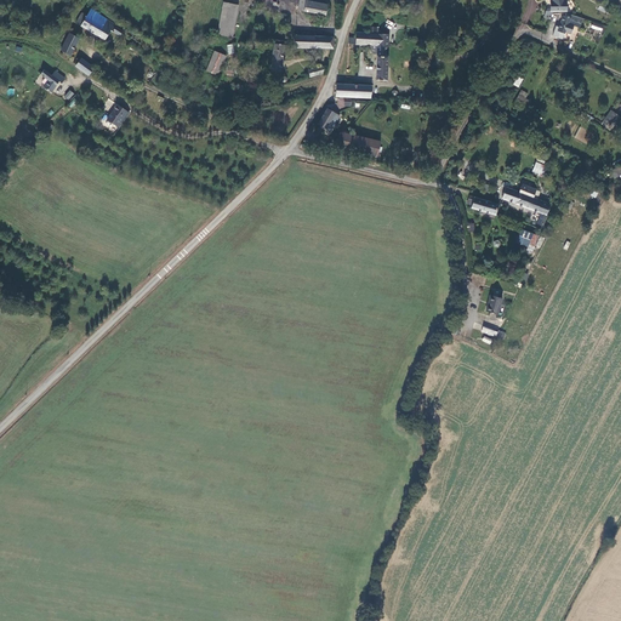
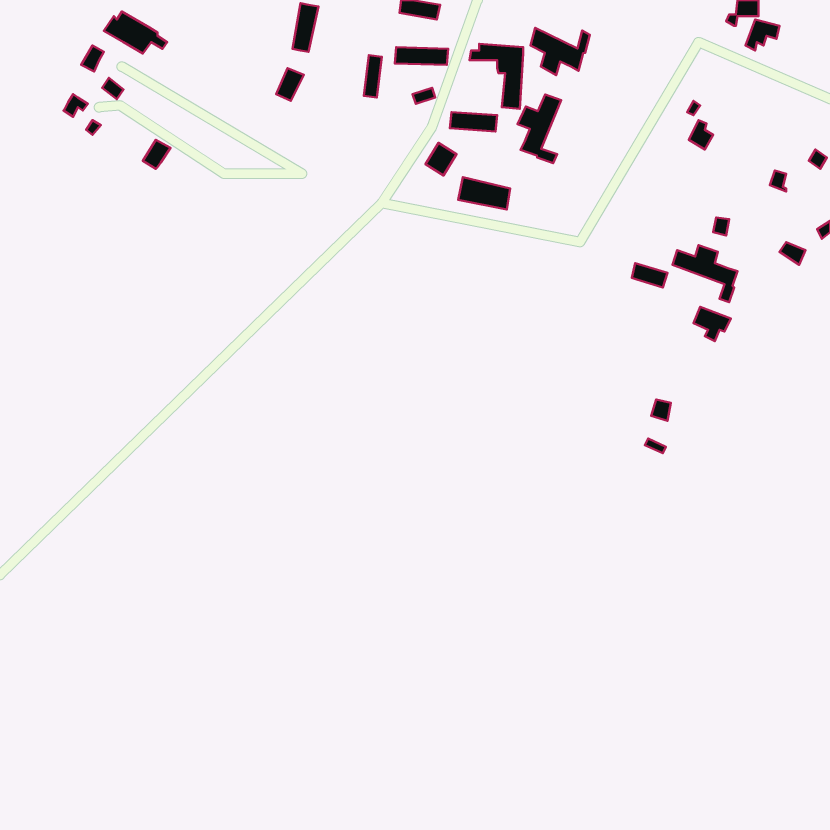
building: none -> [530,28,590,75]
building: none -> [518,95,561,163]

